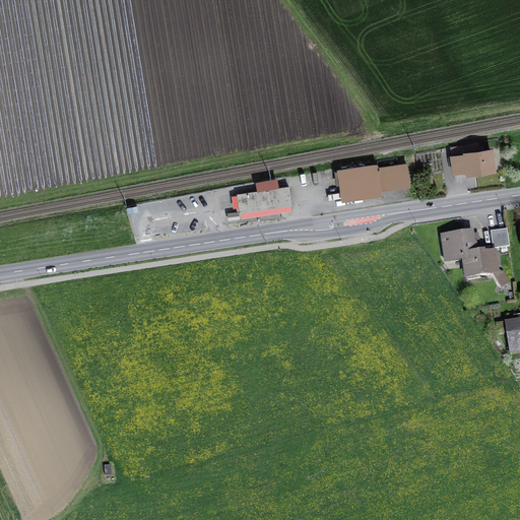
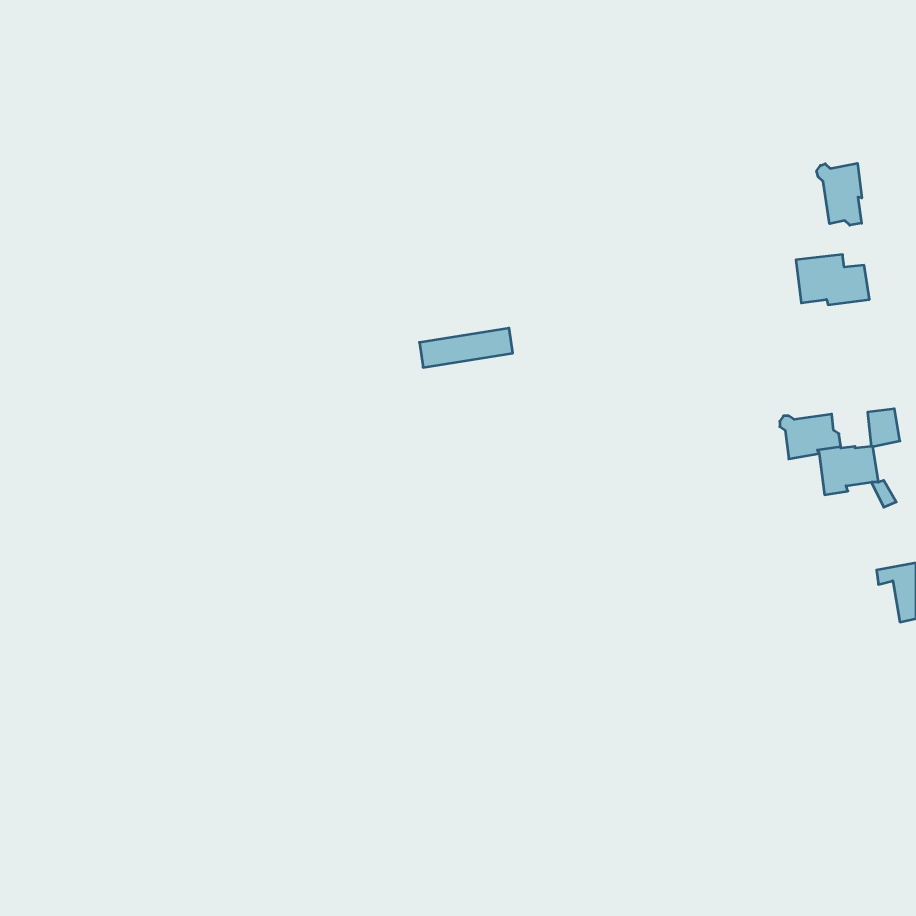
building: none -> [817,163,862,225]
building: [338,166,408,197] -> none

